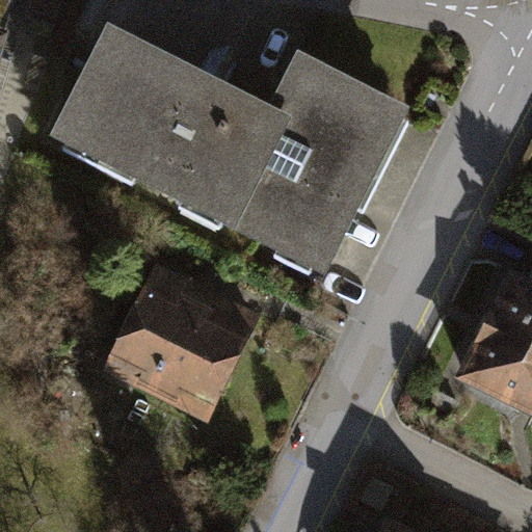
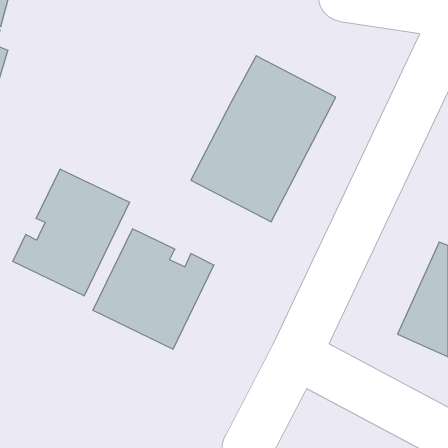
building: [64,37,272,212] -> none
building: none -> [13,169,130,296]

